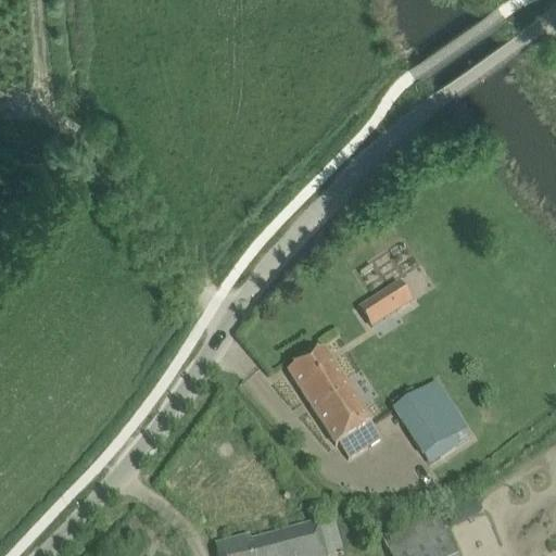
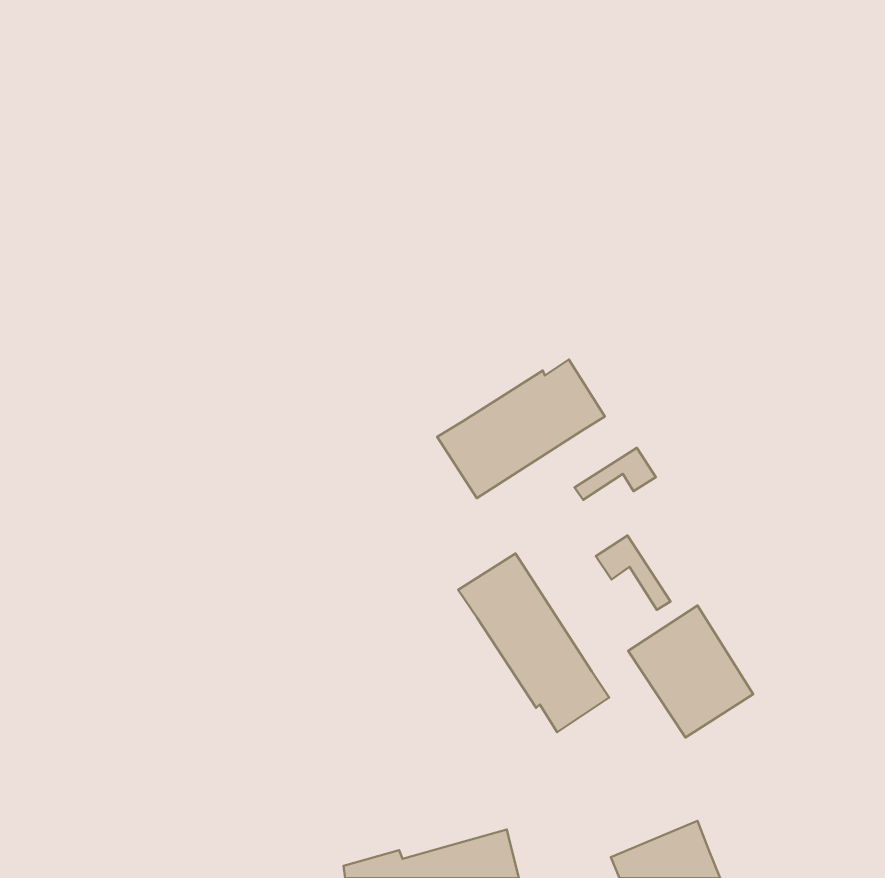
building: none -> [437,359,605,498]
building: none -> [596,536,671,610]

